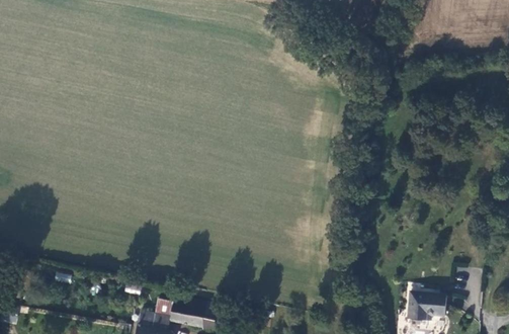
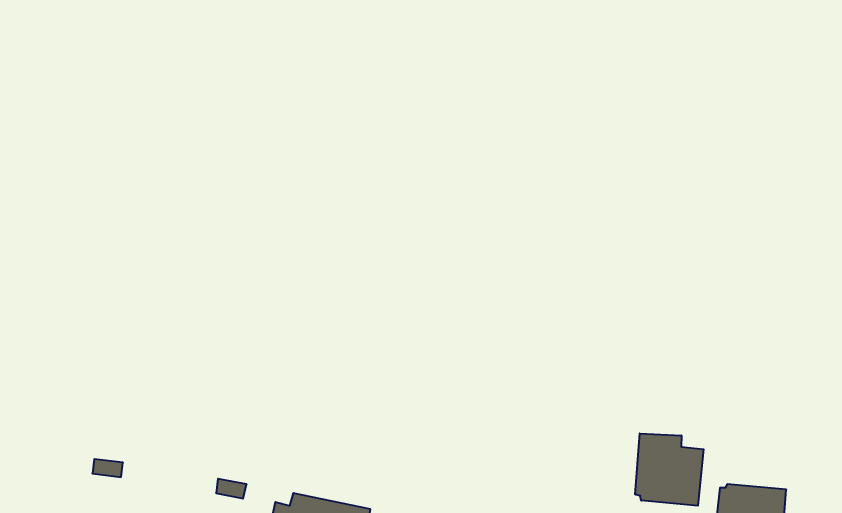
building: none -> [635,433,704,506]

